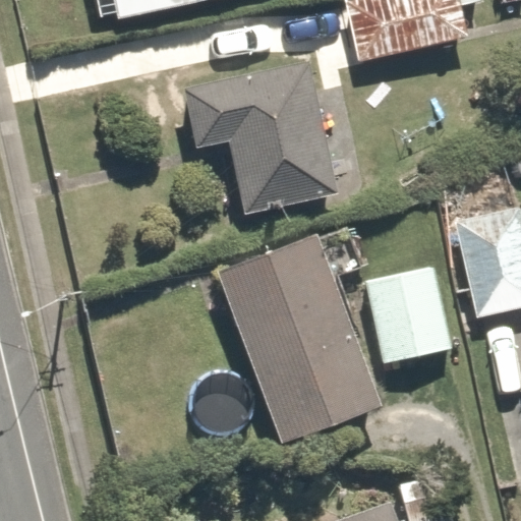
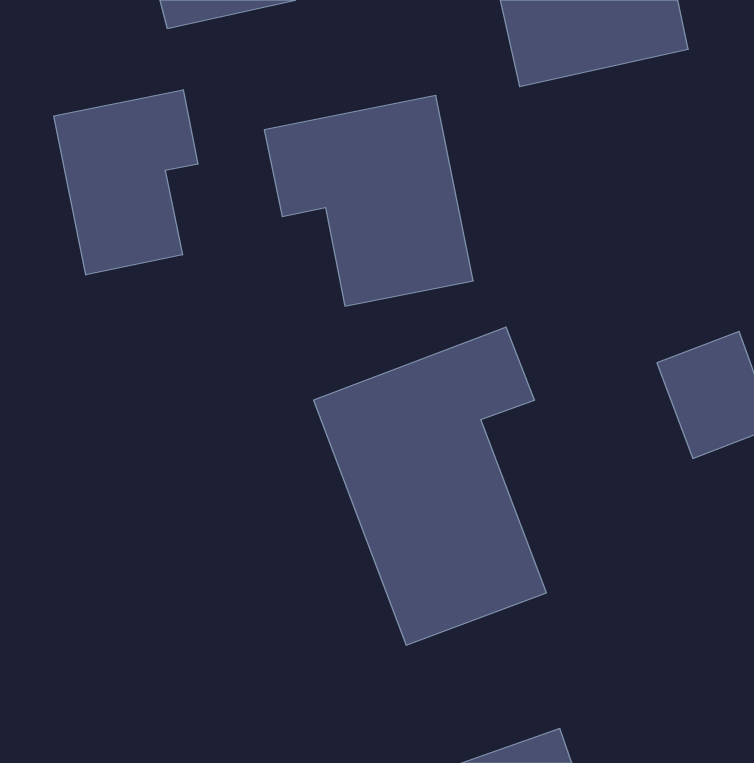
building: none -> [54,90,198,275]
building: [368,268,455,362] -> none

